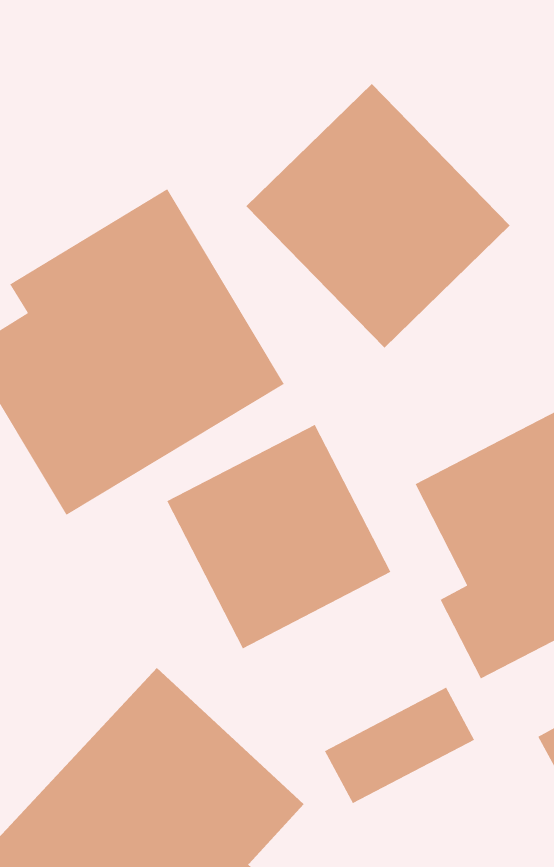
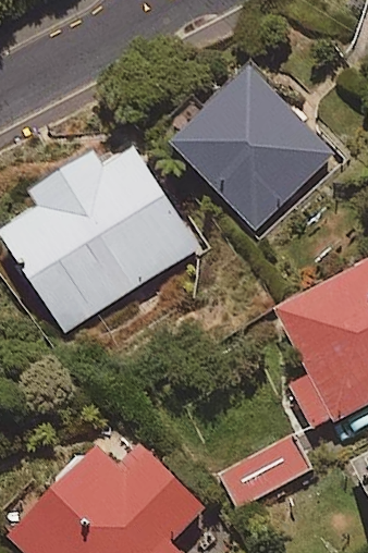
building: [166,424,392,649] -> none

